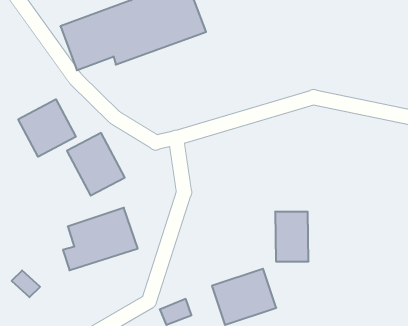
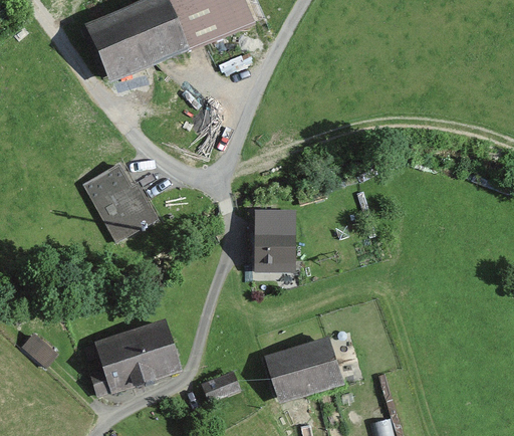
building: [18,99,76,157] -> none
building: [63,208,138,270] -> [87,317,180,395]
building: [275,212,309,261] -> [254,207,295,268]

